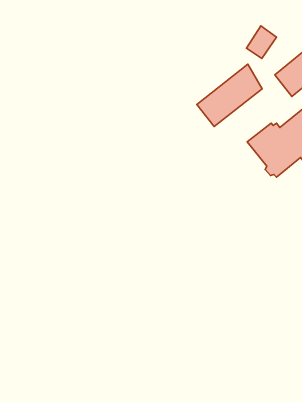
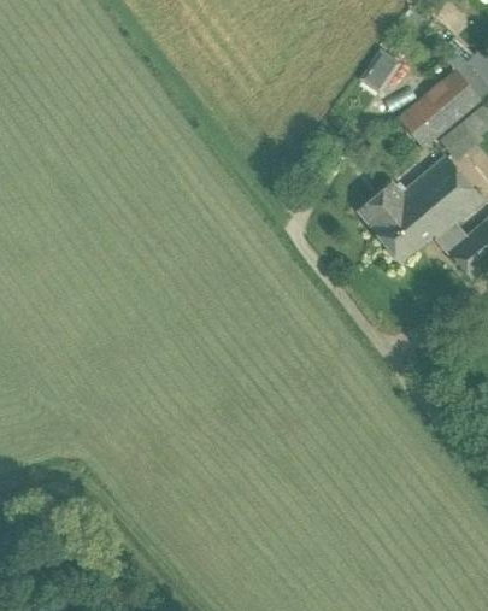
building: [197,64,262,126] -> none

